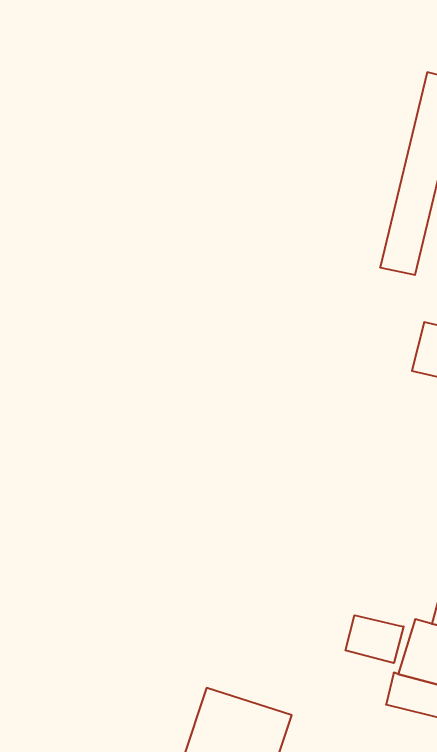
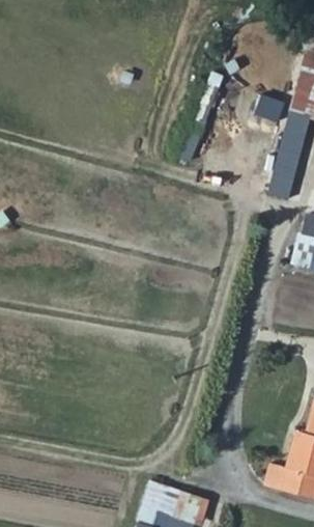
building: [345,615,404,663] -> none

